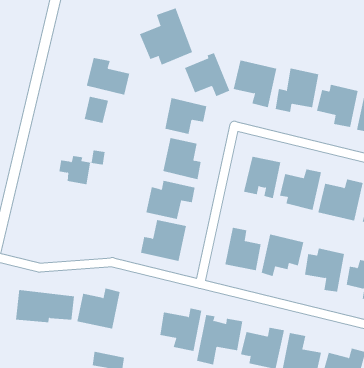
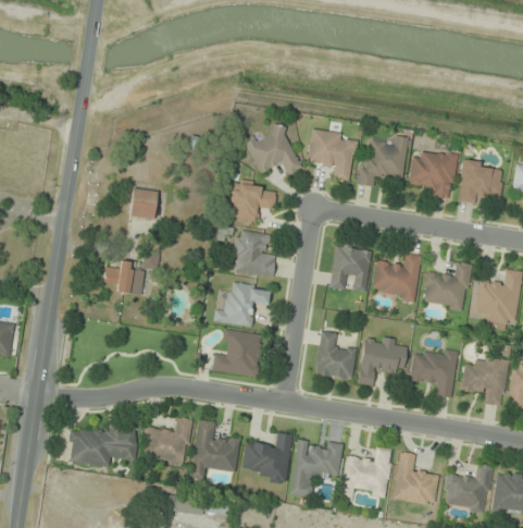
building: [139,8,193,65] -> none
building: [86,57,130,95] -> none
building: none -> [190,420,239,478]

